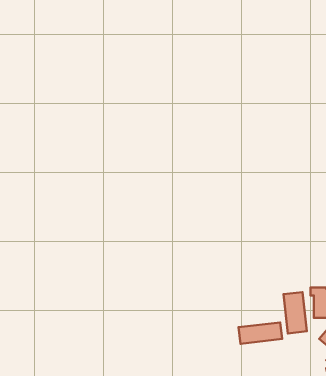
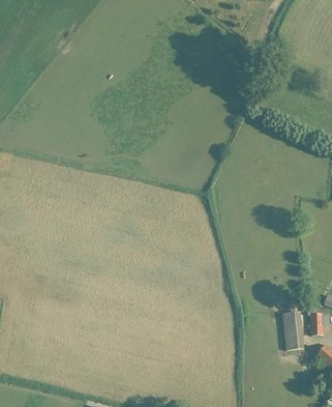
building: [239,322,282,344] -> none

